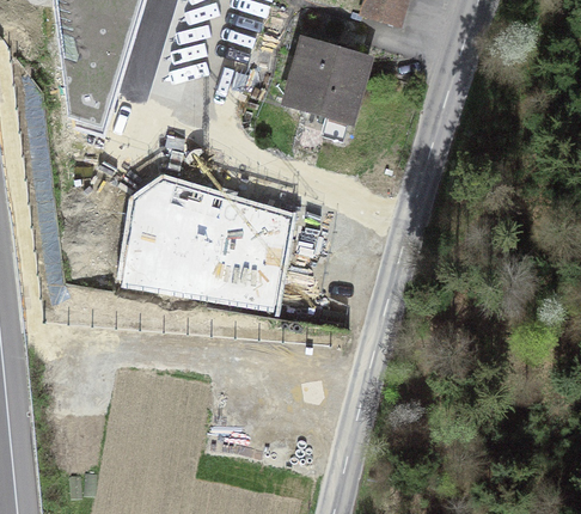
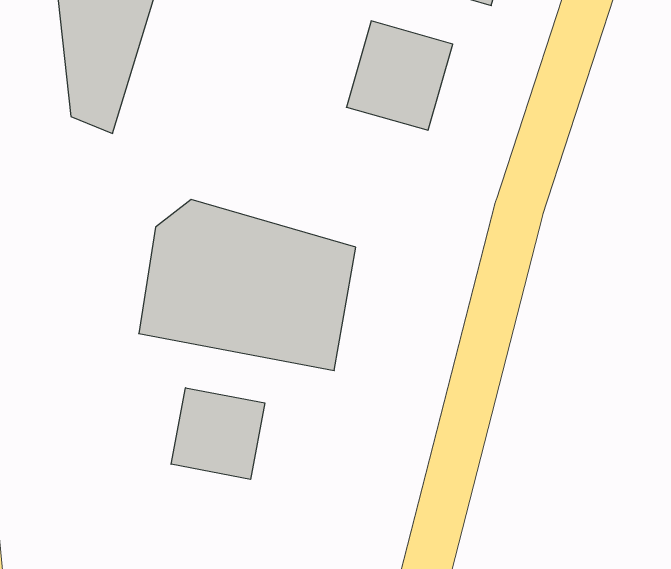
building: none -> [171,388,265,479]

